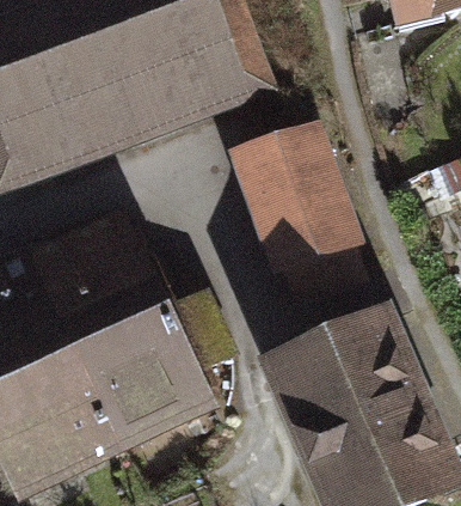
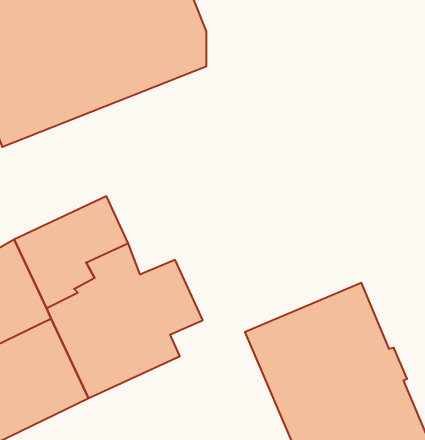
building: [242,136,361,298] -> none

